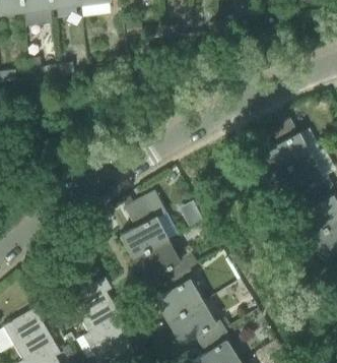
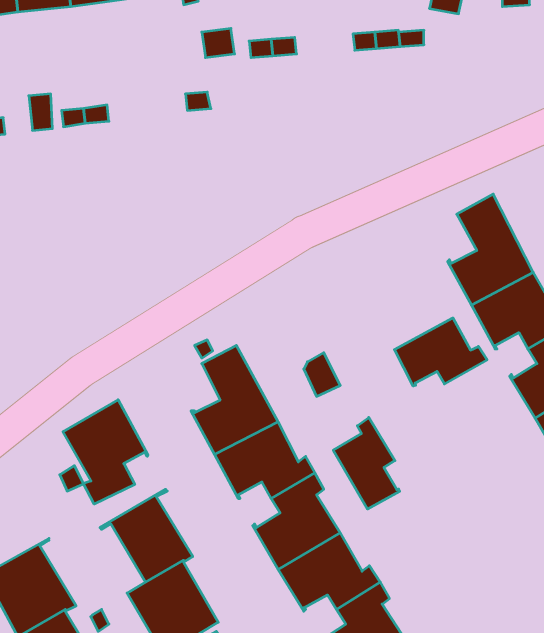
building: none -> [394,318,487,386]
building: none -> [63,400,148,504]
building: none -> [333,417,400,509]

